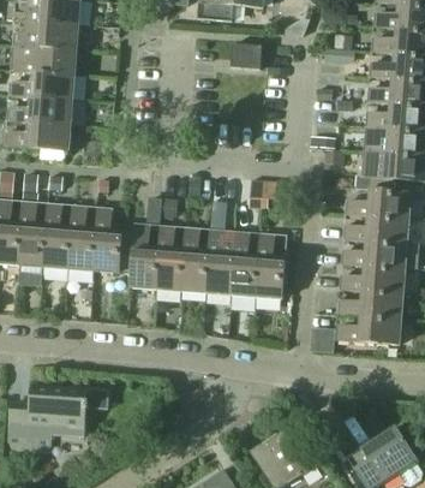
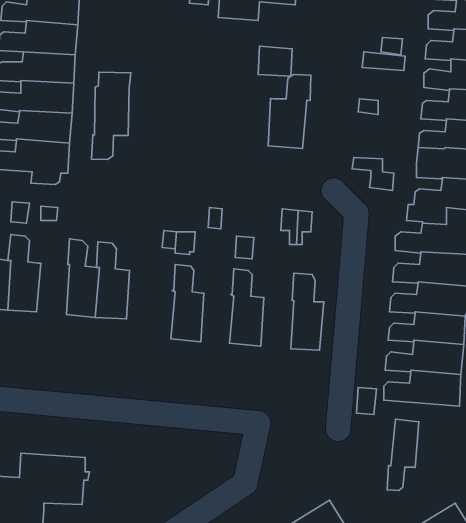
building: none -> [91,72,131,160]
building: none -> [268,75,311,149]
building: [44,203,72,268] -> none
building: [120,224,161,288] -> none
building: [182,227,210,292] -> none
building: [233,232,261,297] -> none
building: none -> [387,419,419,490]

